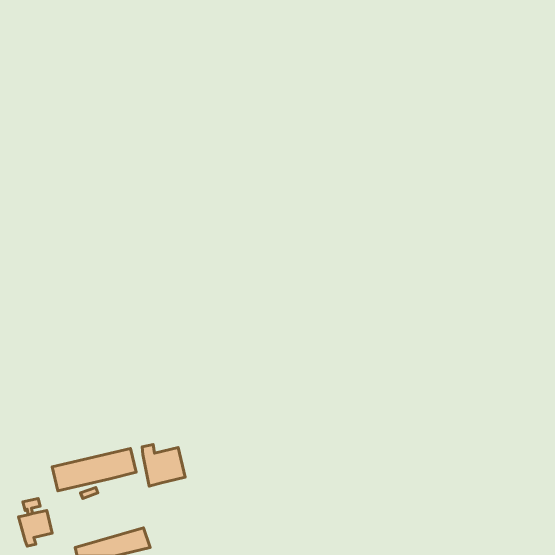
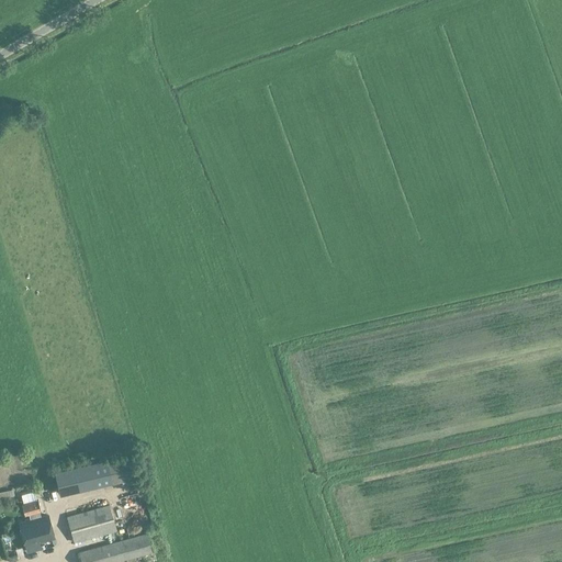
building: [142,444,185,486] -> none
building: none -> [65,506,116,544]

